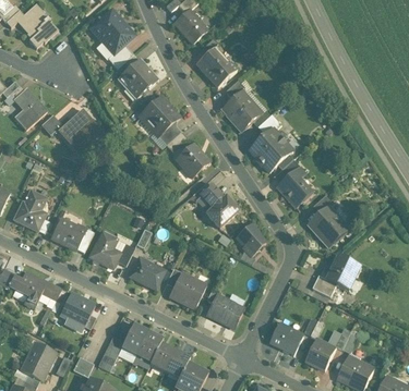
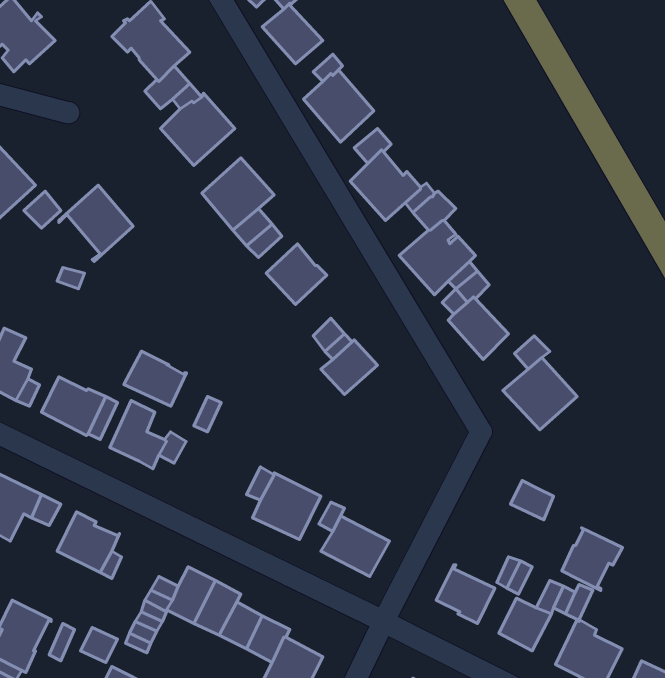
building: [237,224,265,256] -> none
building: [327,256,361,291] -> [562,528,622,590]
building: [129,258,164,289] -> [124,351,186,406]

